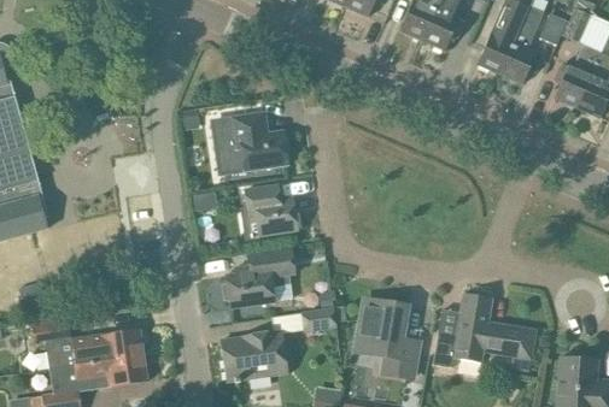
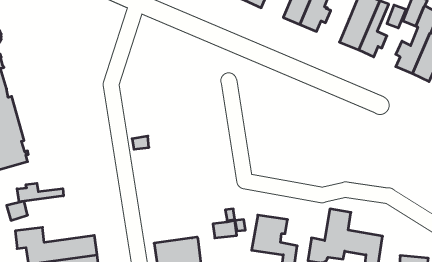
building: [221,113,288,172] -> none
building: [240,185,298,241] -> none
building: [223,247,297,308] -> none
building: none -> [17,183,63,202]

